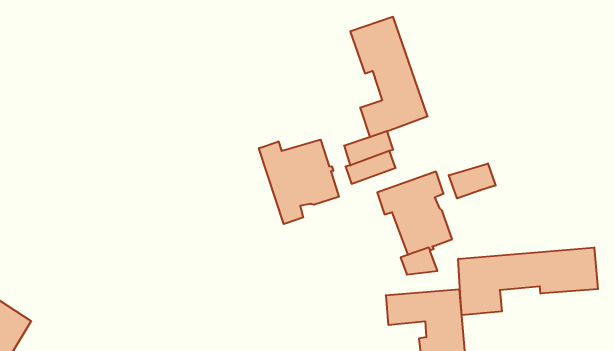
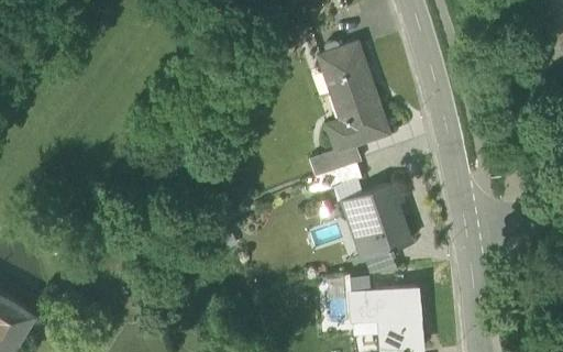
building: [259,140,339,224] -> none
building: [449,163,496,198] -> none
building: [458,247,598,315] -> none

